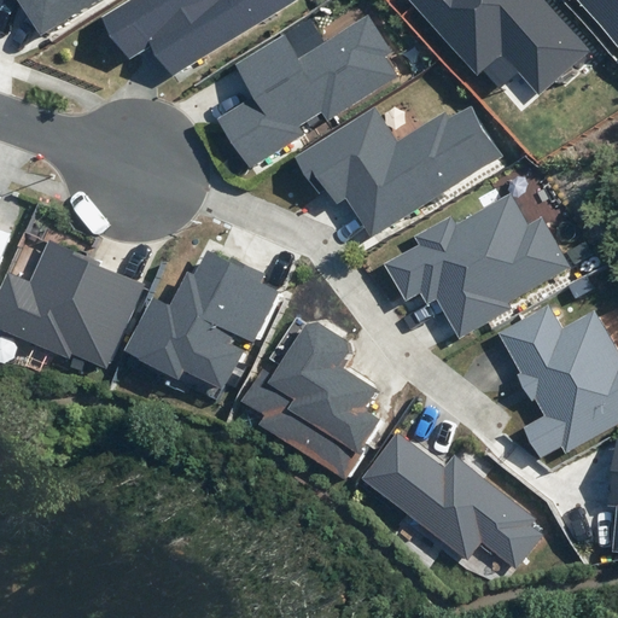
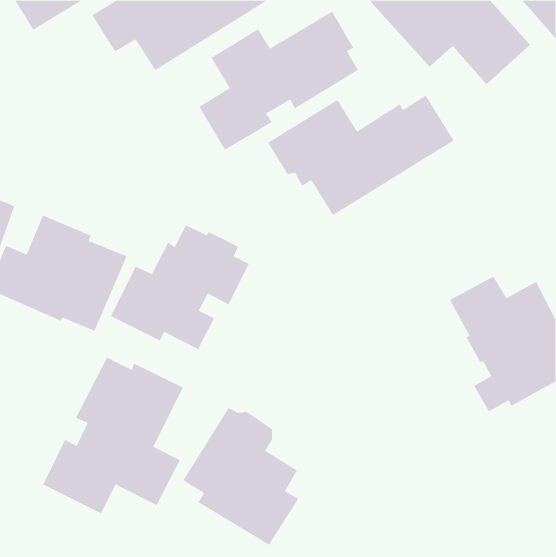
building: [383,193,567,337] -> none
building: [246,319,375,472] -> [182,407,299,546]
building: none -> [43,357,184,514]
building: [360,431,541,569] -> none

